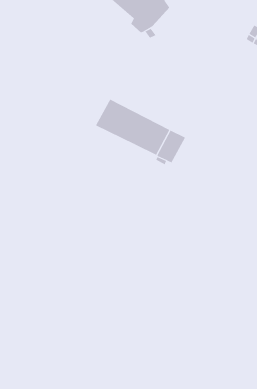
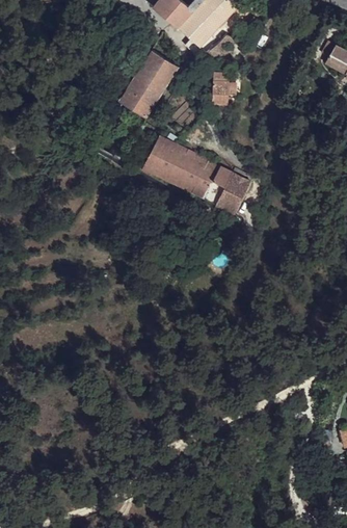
building: none -> [119,50,179,117]
building: none -> [212,72,226,103]

